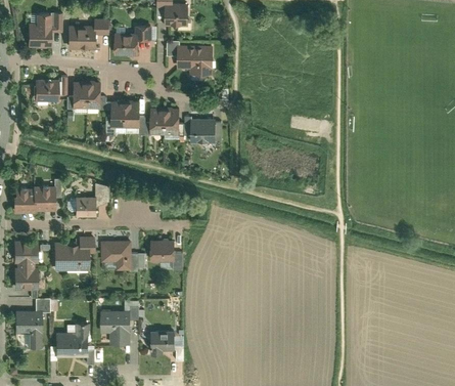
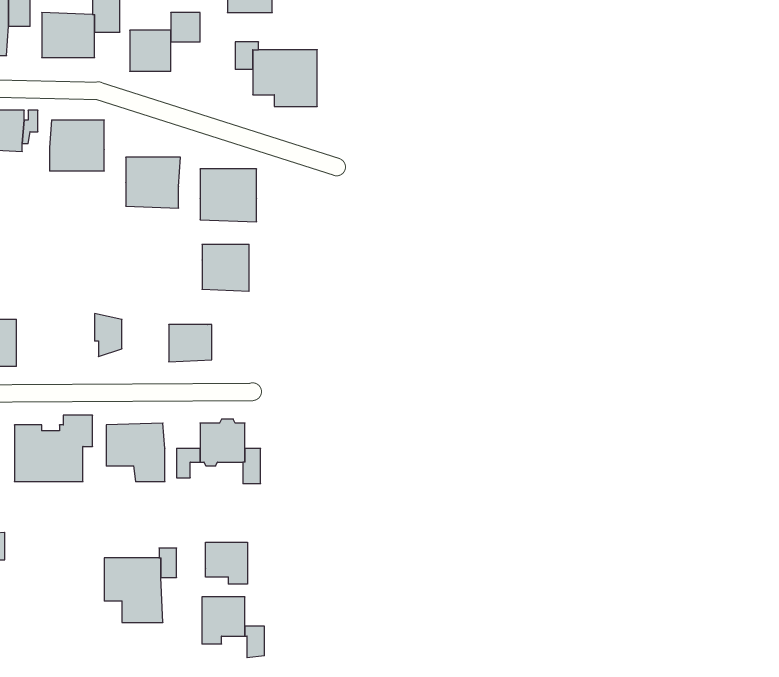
building: [191,119,216,143] -> [202,244,249,291]
building: [75,198,97,217] -> [169,325,212,362]
building: none -> [206,542,247,584]
building: [55,325,88,358] -> none

